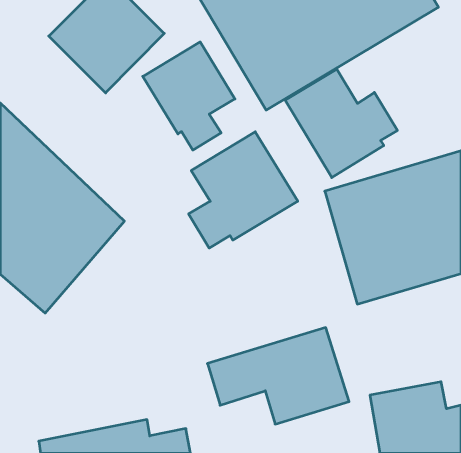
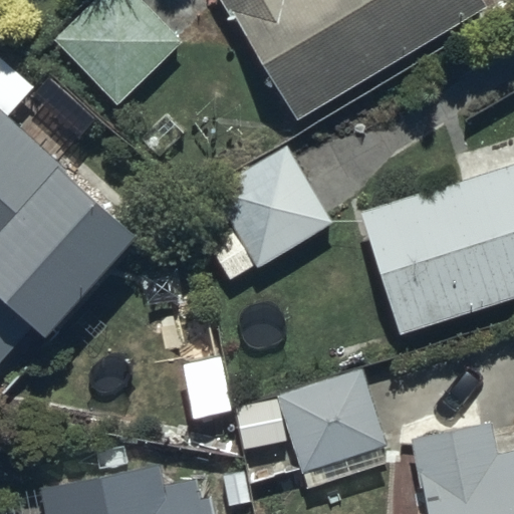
building: [143,42,235,150] -> none
building: [285,69,397,178] -> none

